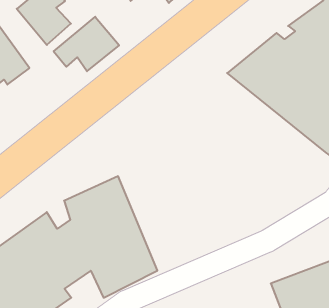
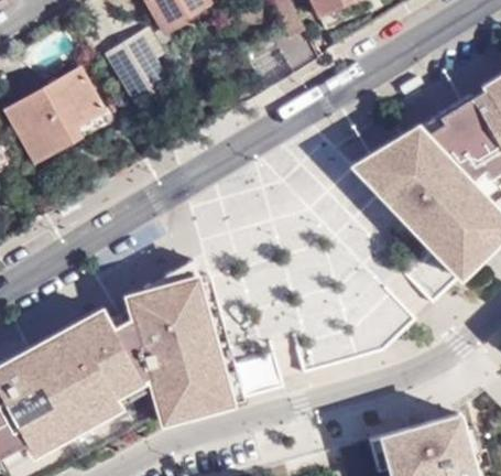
building: [54,17,119,71] -> none

